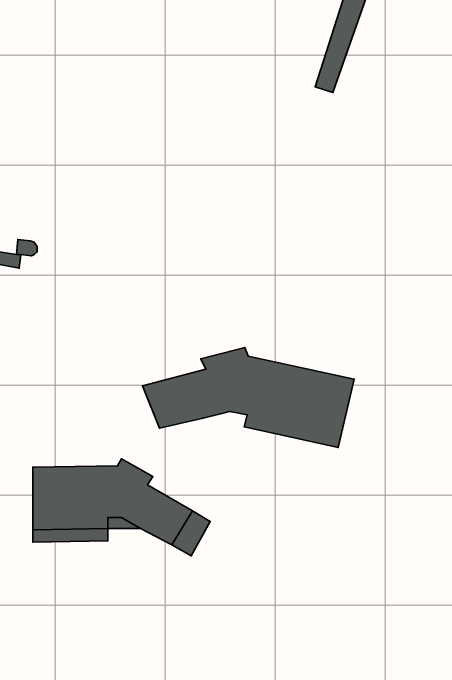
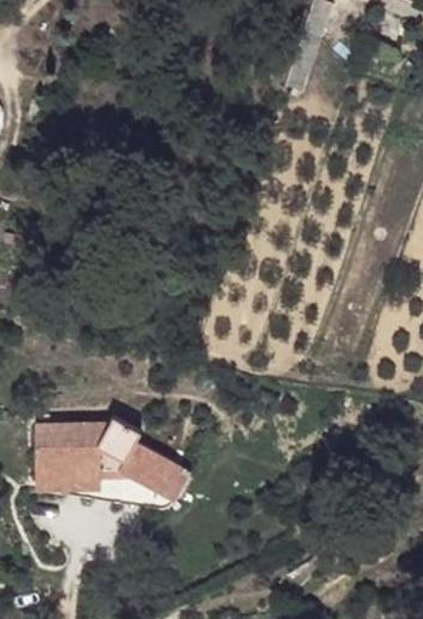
building: [143,348,354,447] -> none

